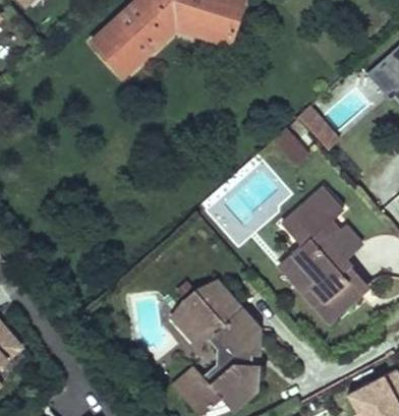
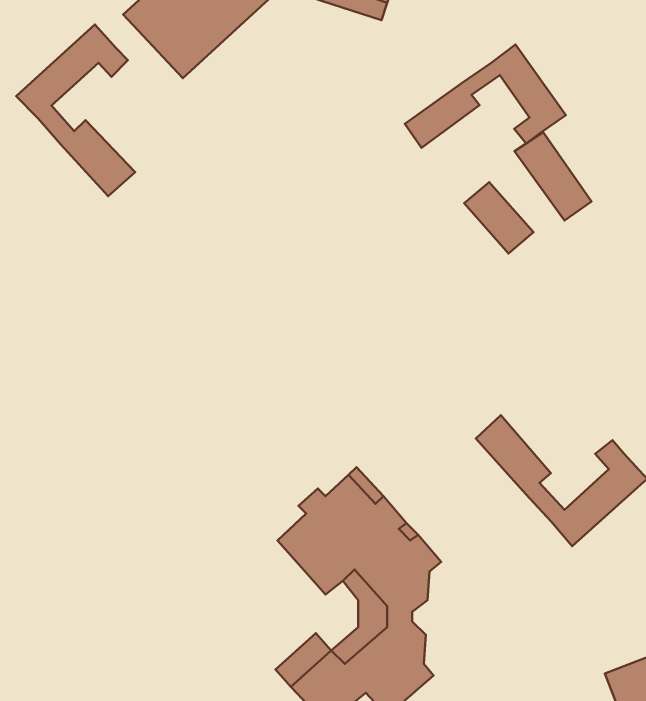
building: none -> [16,24,135,196]
building: none -> [405,44,566,148]
building: [282,186,362,302] -> none

